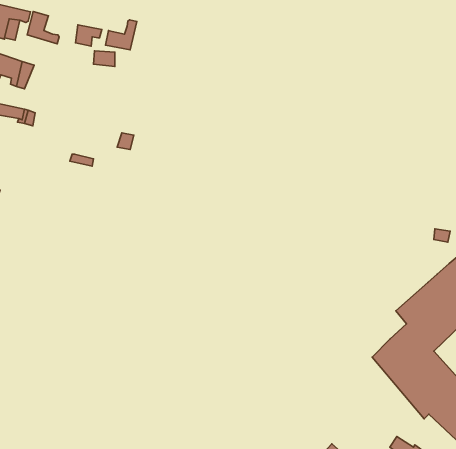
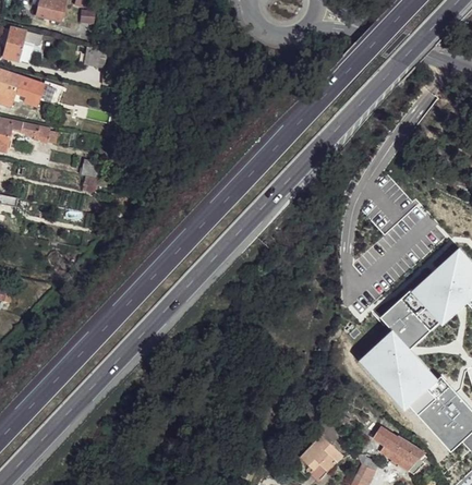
building: [27,12,59,44] -> none
building: [106,20,137,50] -> none

